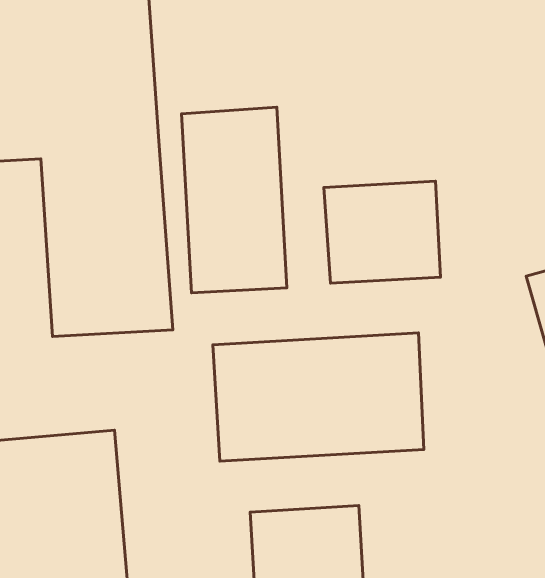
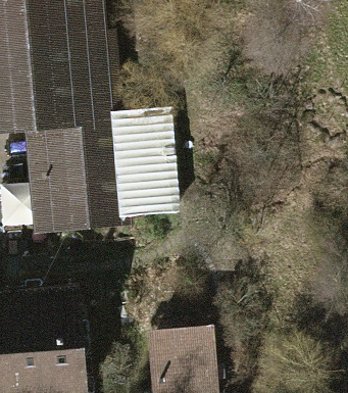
building: [324,181,440,283] -> none
building: [213,333,424,461] -> none

